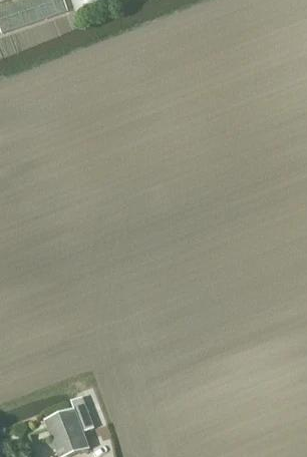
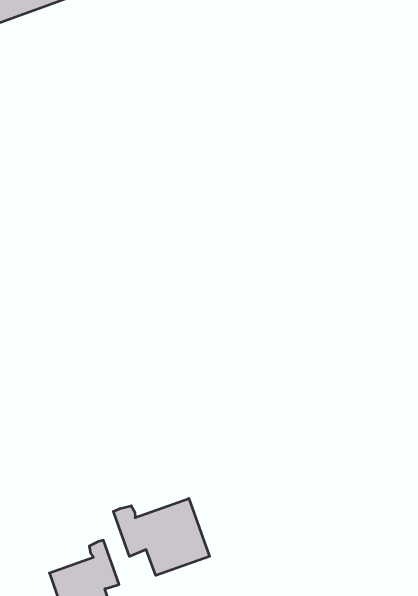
building: none -> [113,498,210,575]

